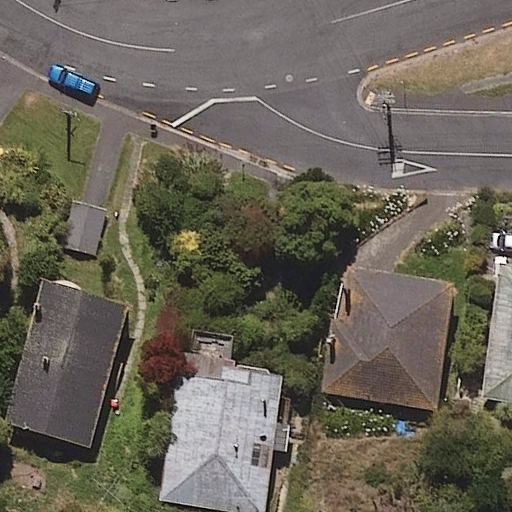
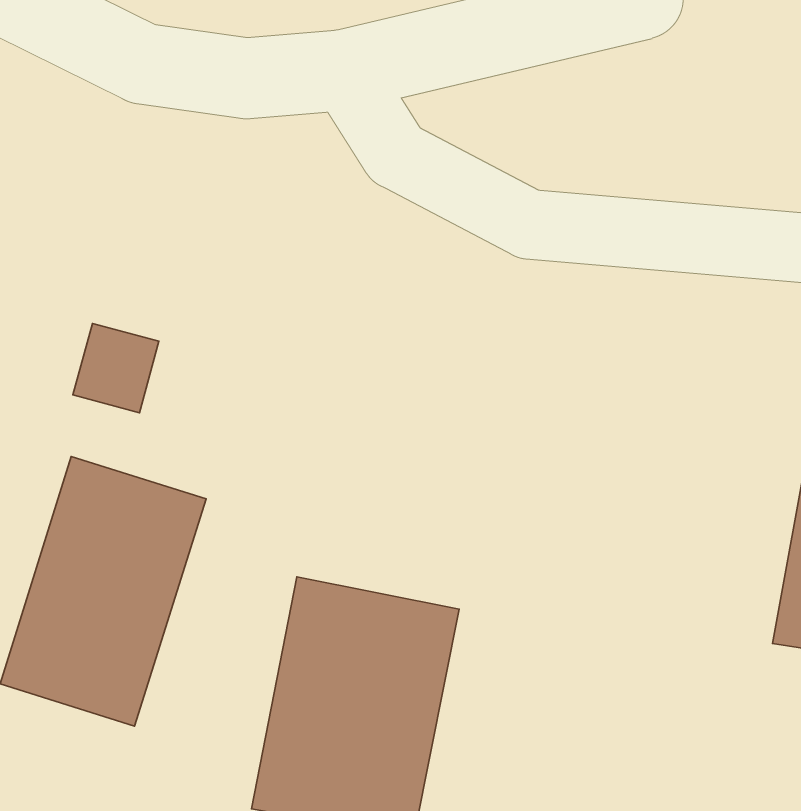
building: [322,269,457,411] -> none

